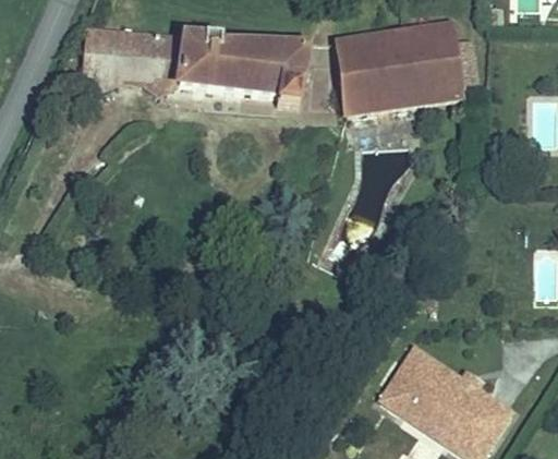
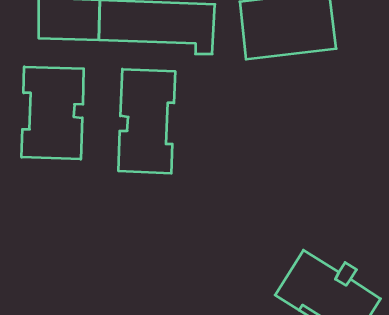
building: none -> [22,67,84,159]
building: none -> [119,69,175,173]

